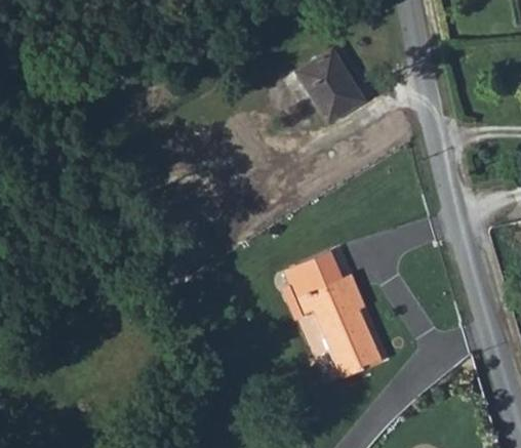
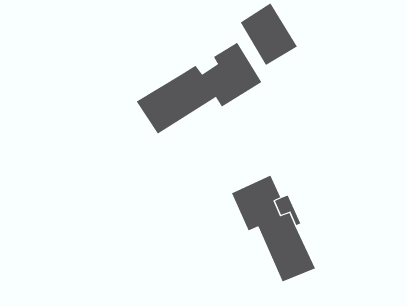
building: none -> [136,42,262,134]

